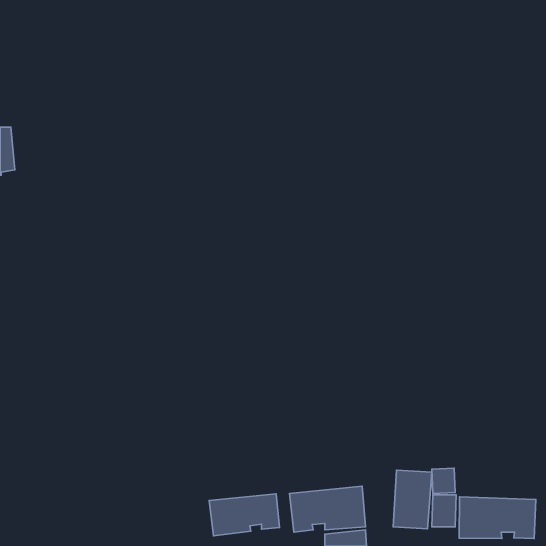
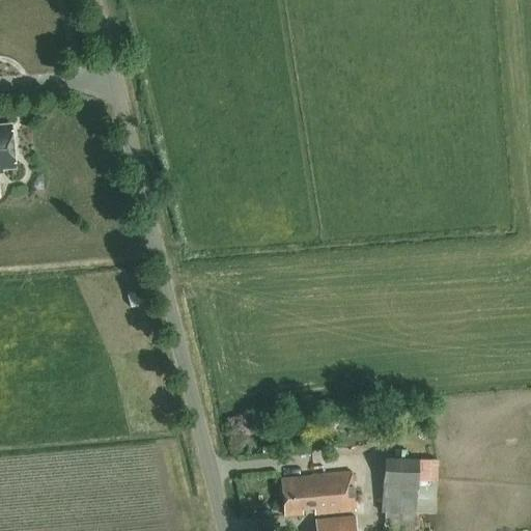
building: [209,494,279,536] -> none
building: [459,497,536,539] -> none

